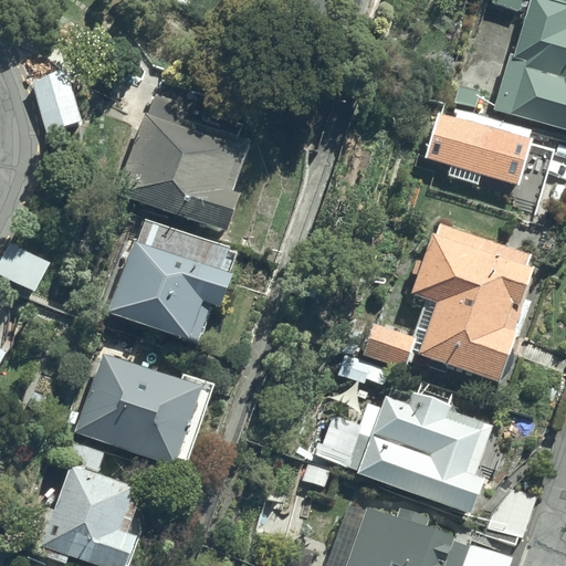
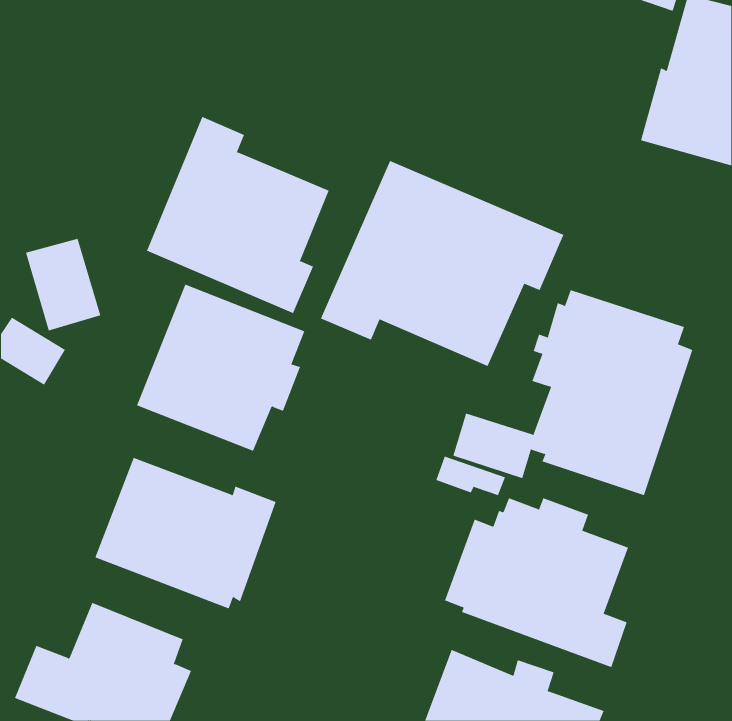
building: [31,70,90,142] -> [25,238,101,331]
building: [424,107,533,188] -> none
building: none -> [320,160,564,367]

